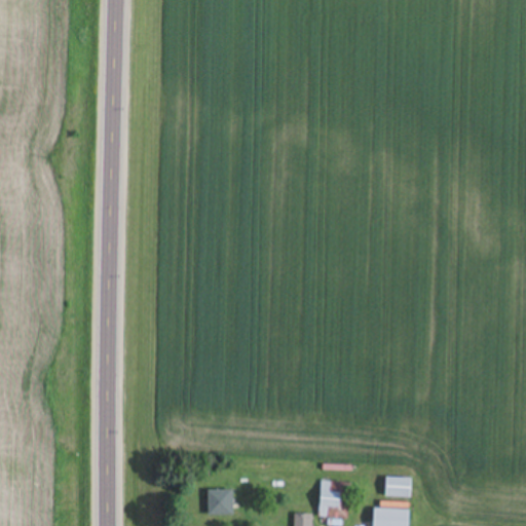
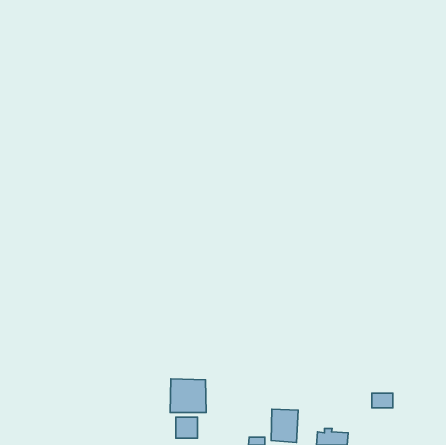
building: none -> [170,379,206,412]
building: [385,479,410,496] -> [372,393,393,408]

